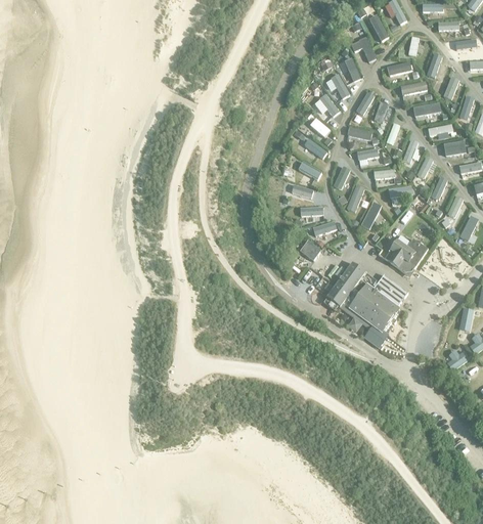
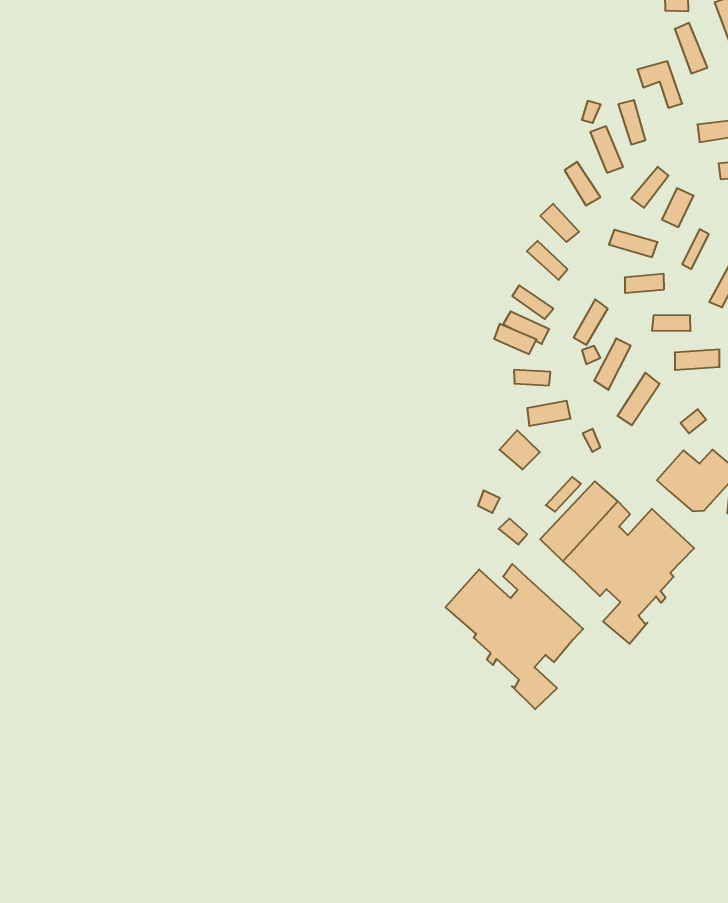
building: none -> [446,564,583,709]

